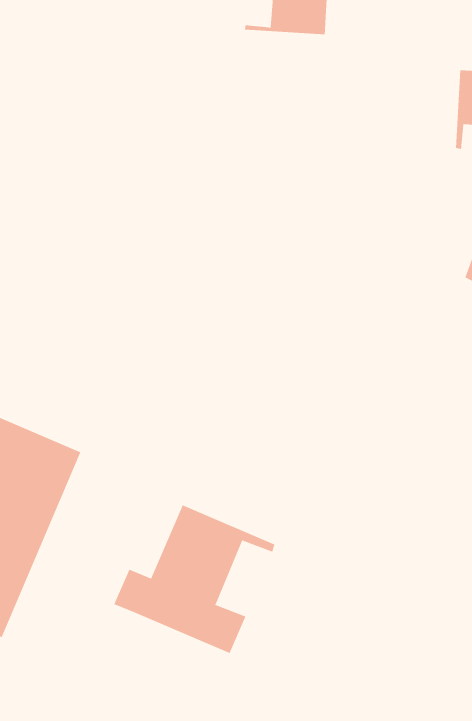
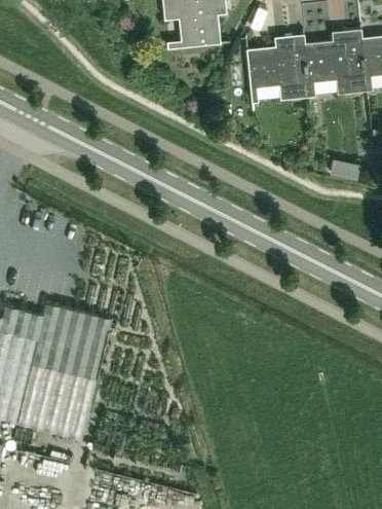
building: none -> [246,36,310,103]
building: [114,505,275,654] -> none

